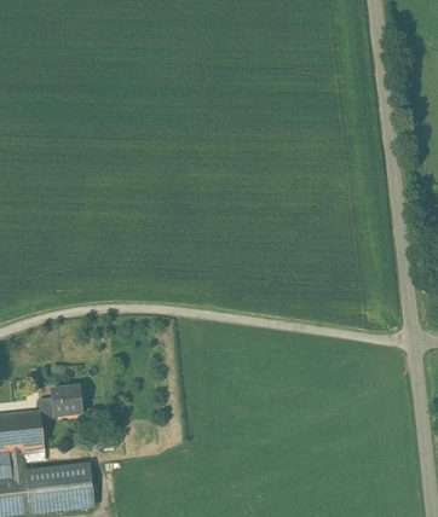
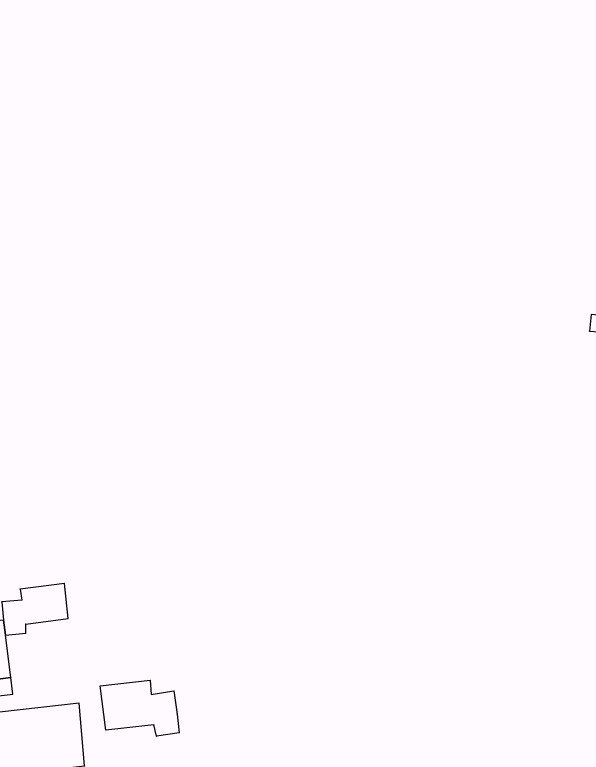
building: none -> [100,680,179,736]

